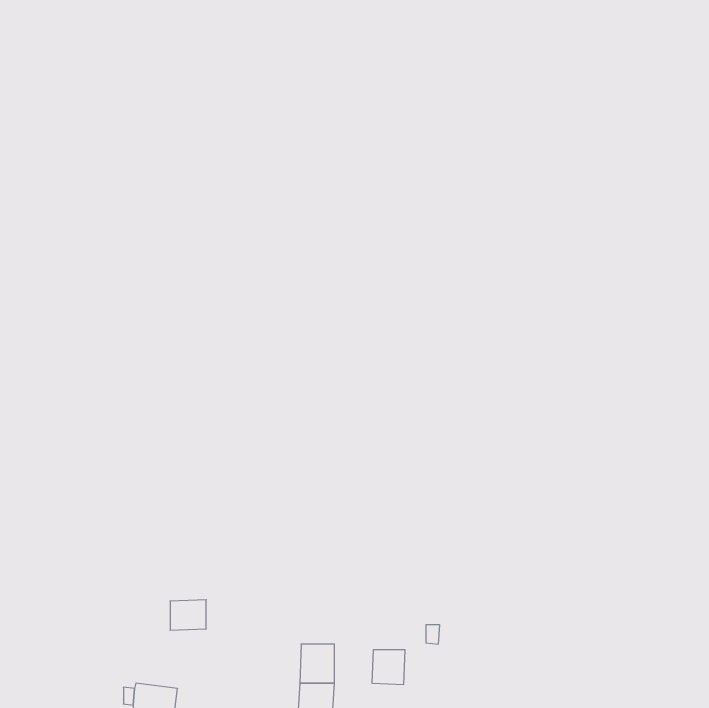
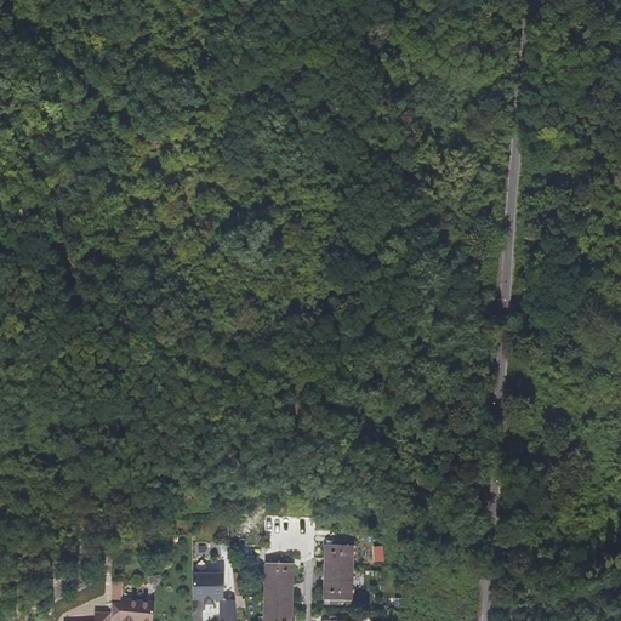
building: [170,600,206,630] -> [192,572,223,599]
building: none -> [326,545,354,569]

